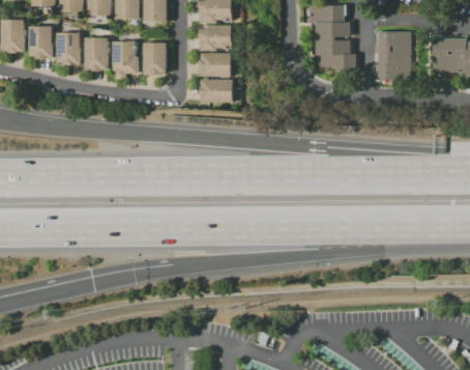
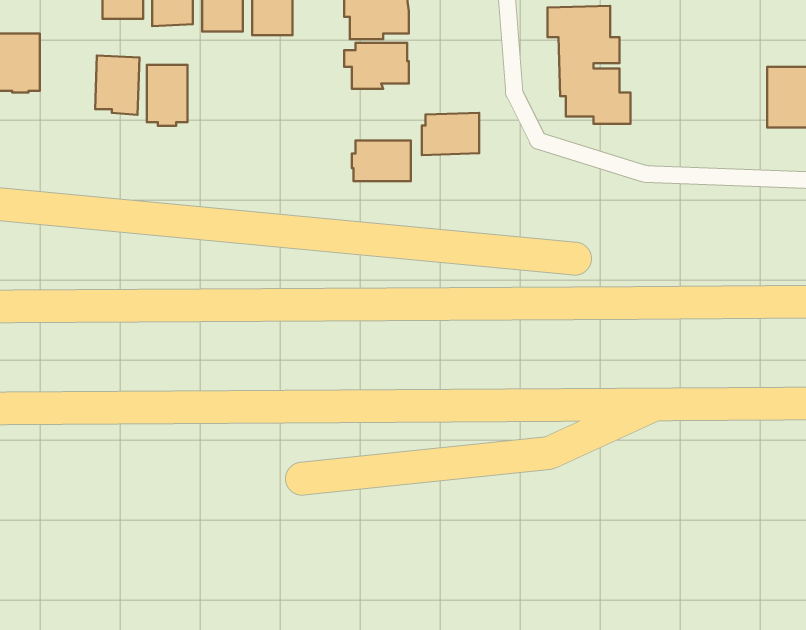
building: [28,26,51,58] -> none
building: [375,31,411,82] -> none
building: [112,40,138,78] -> none
building: [143,42,165,75] -> none
building: [198,53,230,77] -> [422,113,479,155]

